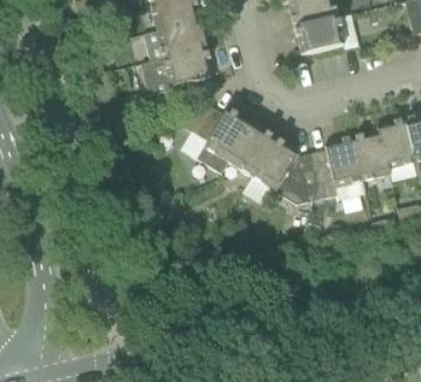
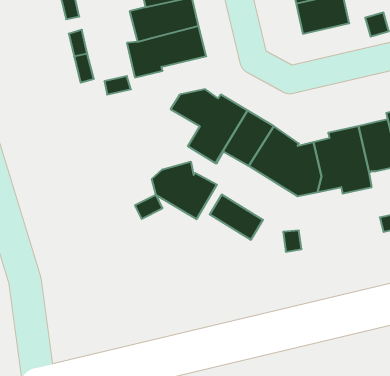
building: none -> [152,162,217,219]
building: none -> [210,194,263,240]

